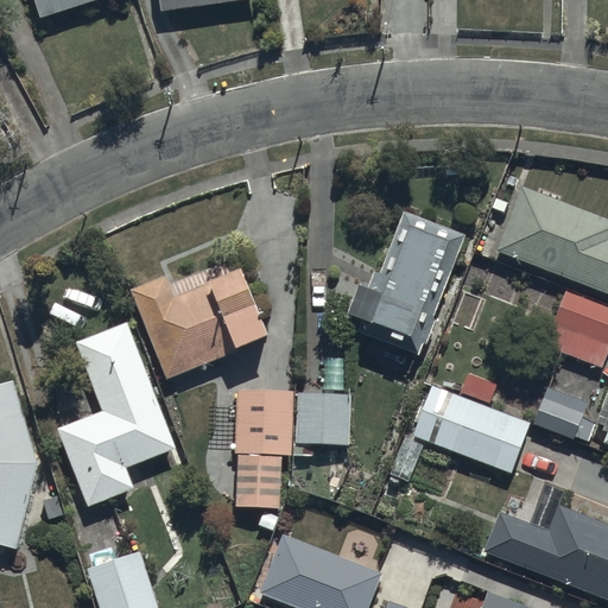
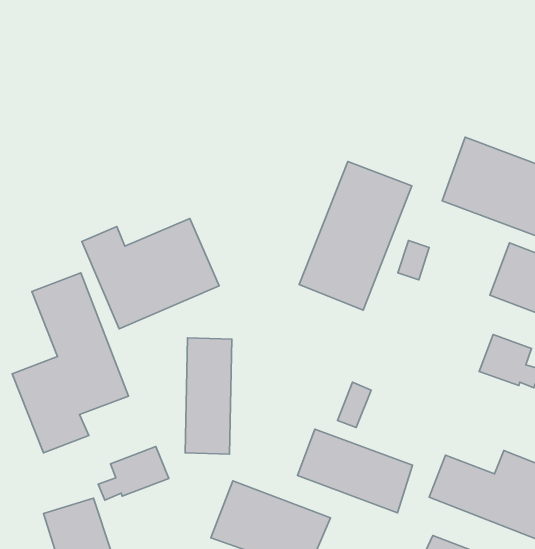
building: [412,387,530,473] -> [297,429,412,513]
building: [297,392,353,443] -> none
building: none -> [98,446,169,500]

